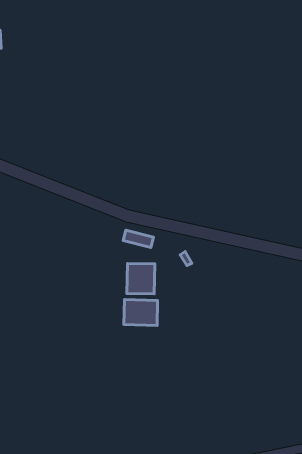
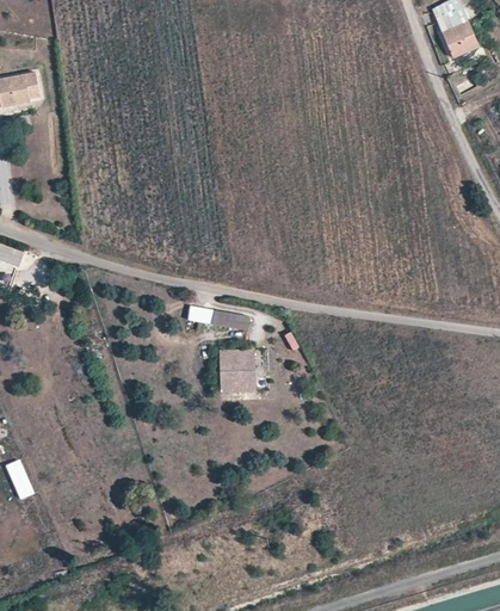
building: [124,300,158,325] -> none

